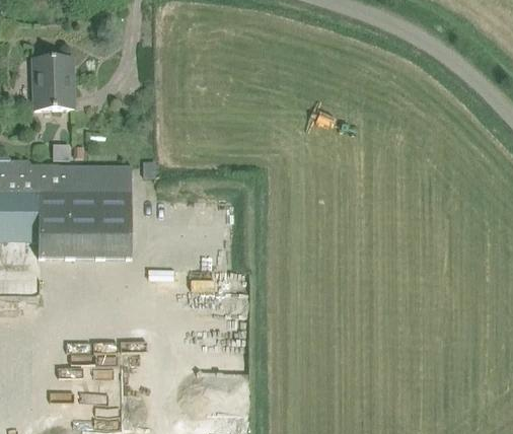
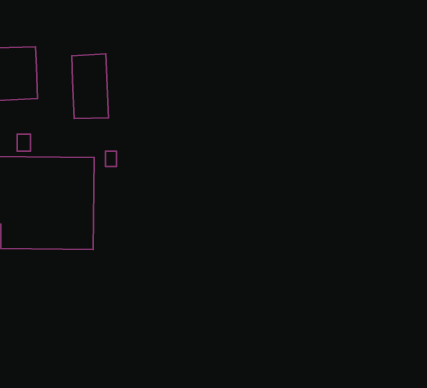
building: none -> [72,54,108,119]

